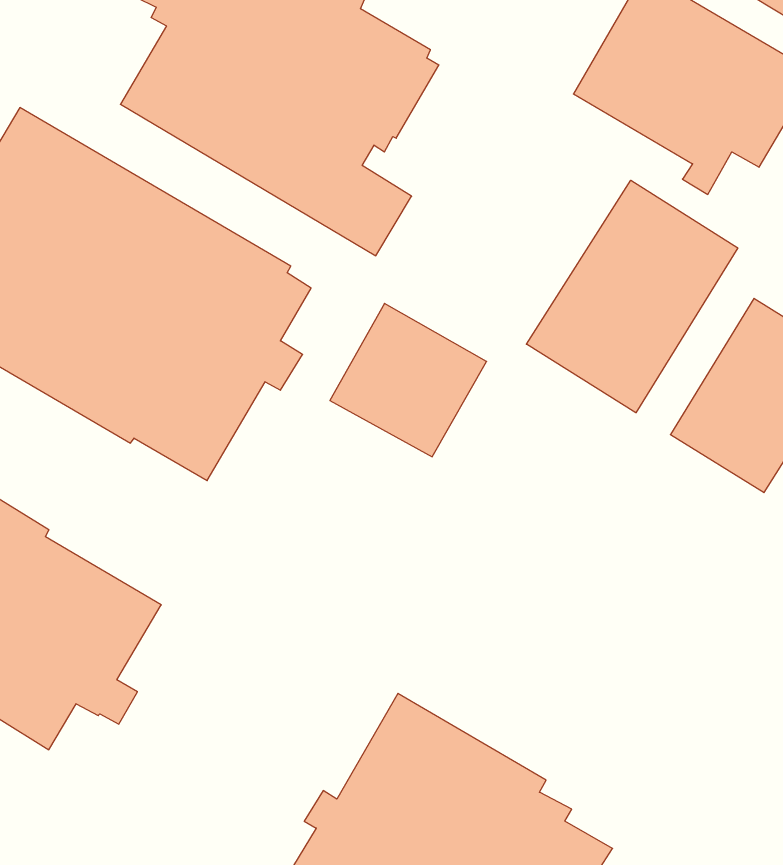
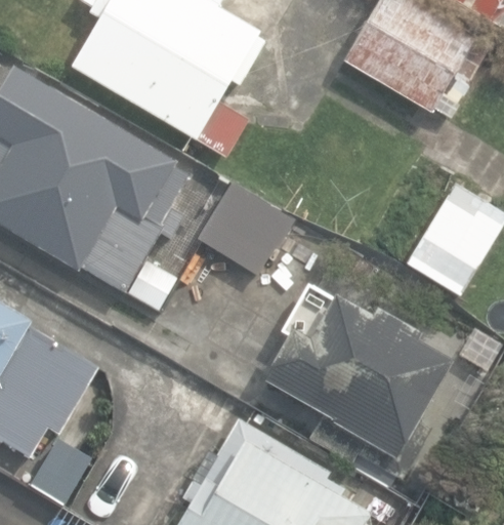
building: [526,180,738,413] -> none
building: none -> [260,283,451,492]

